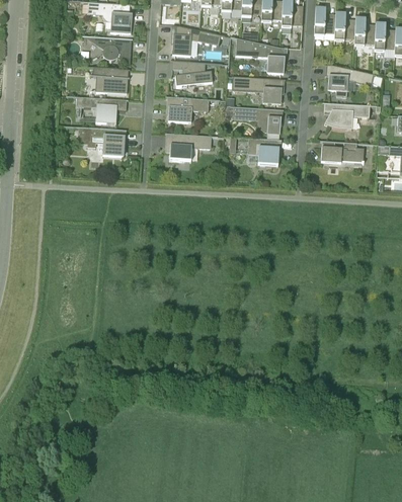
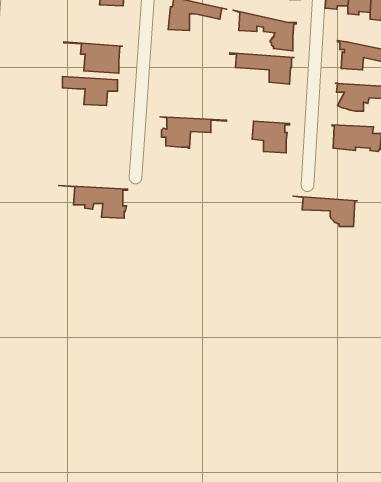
building: [82,36,132,67] -> none
building: [169,61,225,86] -> none
building: [165,96,220,122] -> none
building: [225,106,283,134] -> [293,196,357,226]
building: [64,127,126,156] -> [59,186,127,218]

